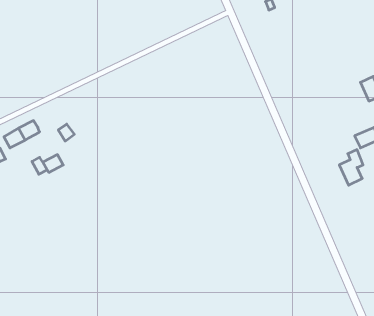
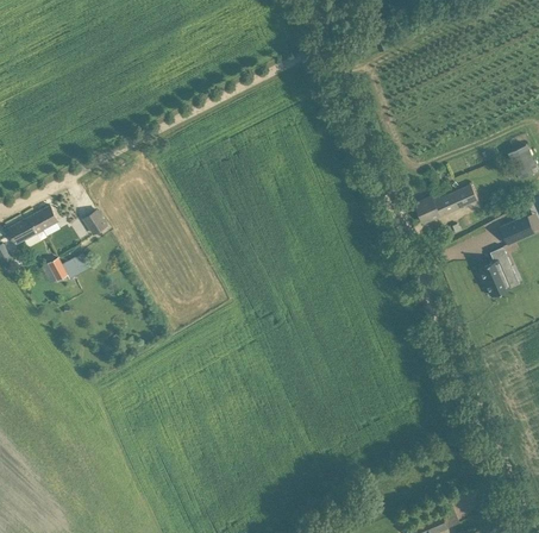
building: none -> [414,186,476,222]

